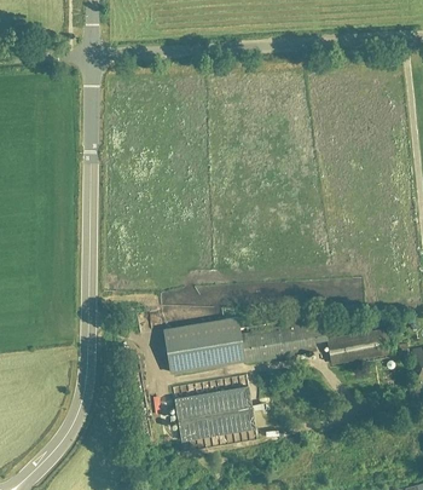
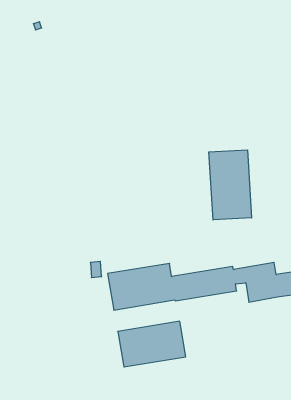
building: none -> [209,150,251,220]

